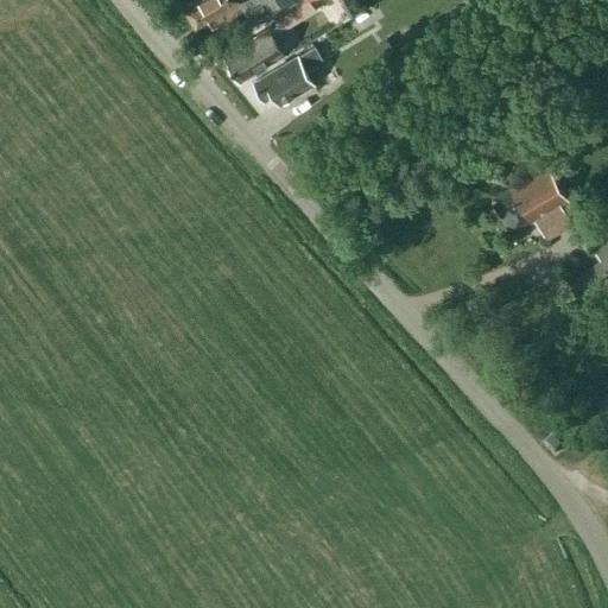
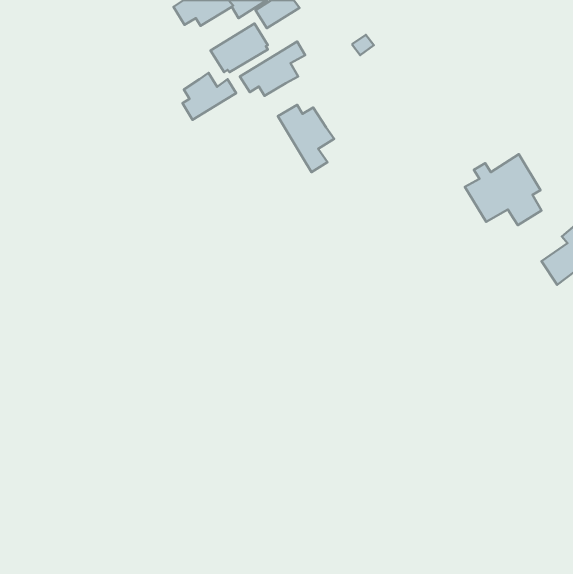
building: none -> [183,73,236,120]
building: none -> [278,105,334,172]

